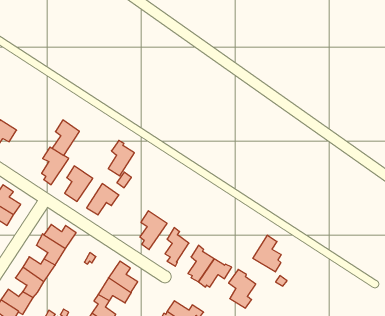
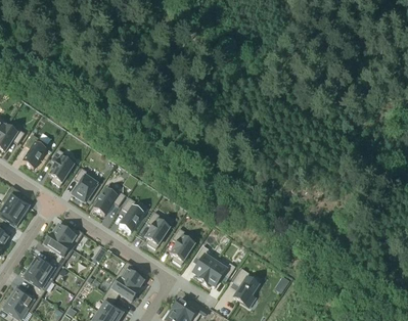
building: [52,120,79,155] -> [21,134,48,169]
building: [108,140,134,176] -> [119,198,144,233]
building: [253,235,281,272] -> none

